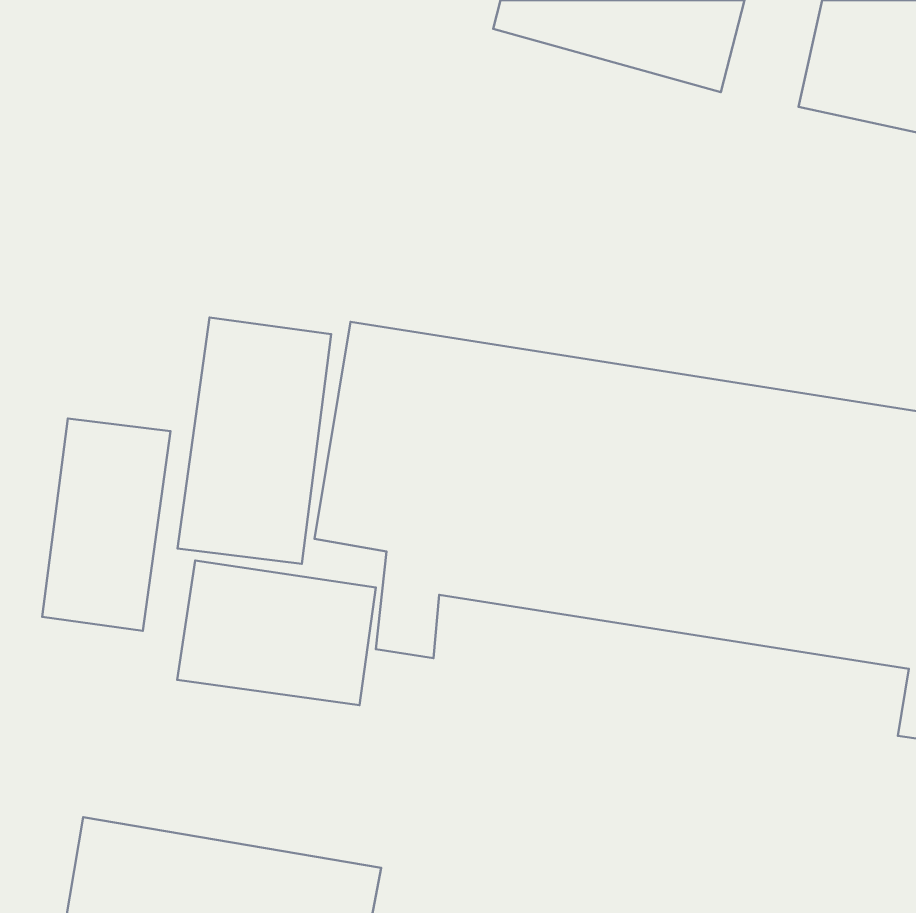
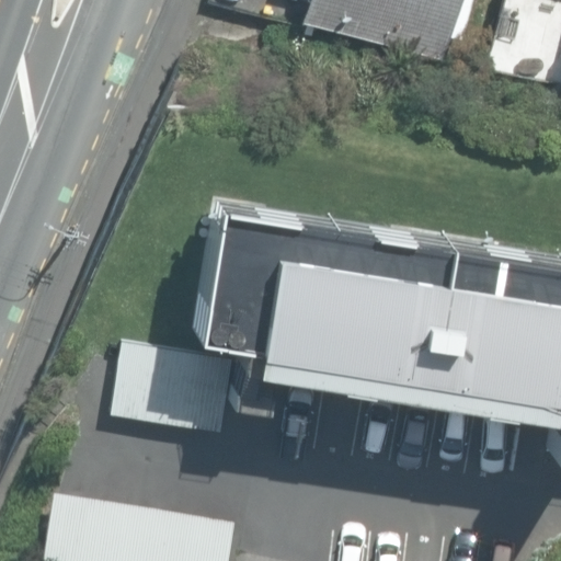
building: [177,317,331,564] -> none
building: [42,419,170,631] -> none

